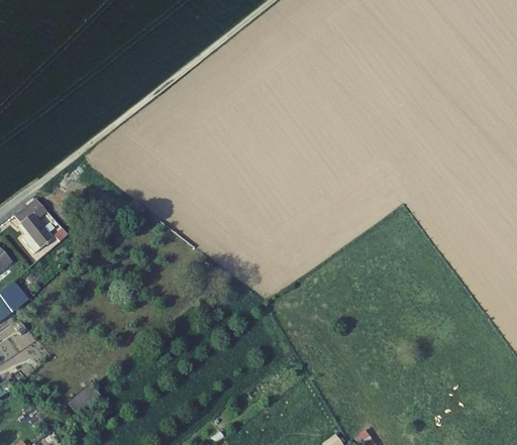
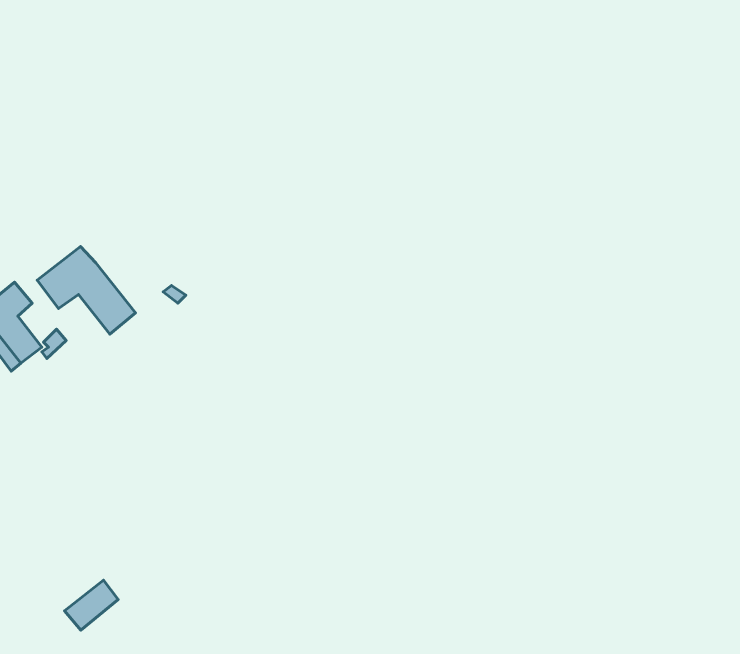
building: none -> [37,246,136,334]

